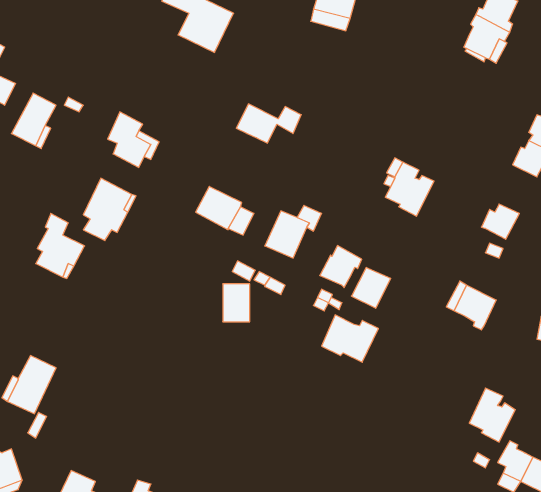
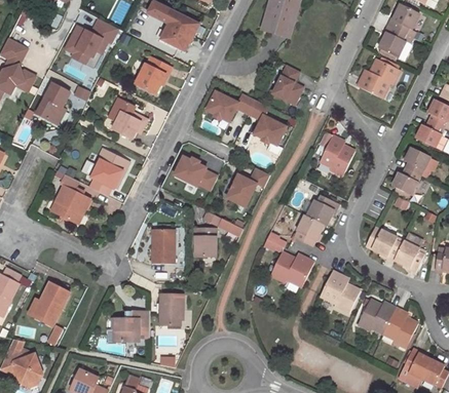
building: none -> [65,19,120,70]
building: none -> [136,56,172,93]
building: none -> [357,58,400,99]
building: none -> [272,65,302,104]
building: none -> [249,100,286,145]
building: none -> [404,147,429,174]
building: [320,246,362,288] -> [306,194,338,226]
building: none -> [152,230,175,264]
building: none -> [394,240,424,273]
building: none -> [319,270,360,314]
building: none -> [159,293,183,325]
building: none -> [357,299,395,333]
building: none -> [114,311,149,342]

